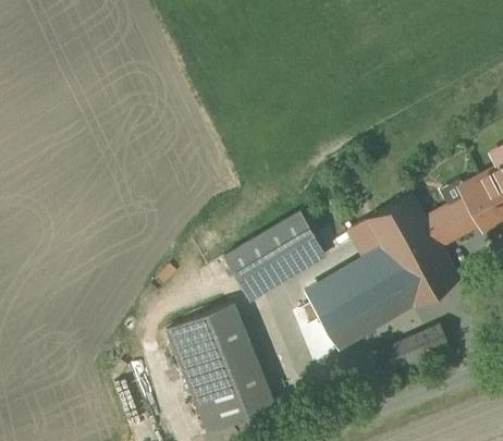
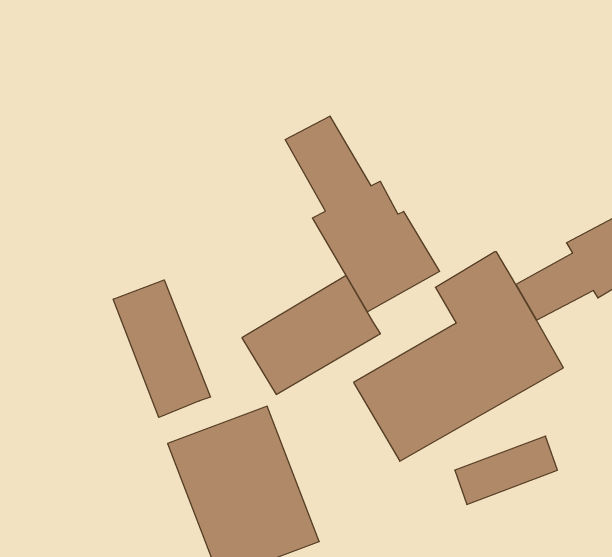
building: none -> [285,116,440,312]
building: none -> [113,280,210,417]

